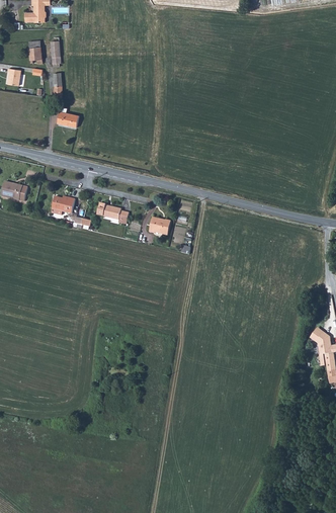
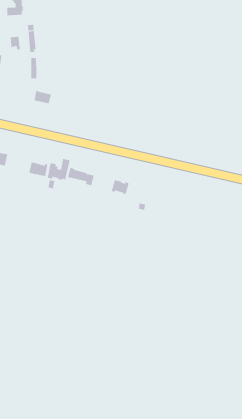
building: none -> [47,158,70,180]

